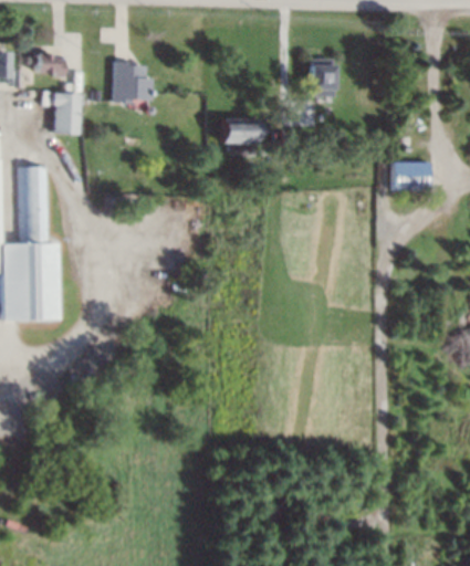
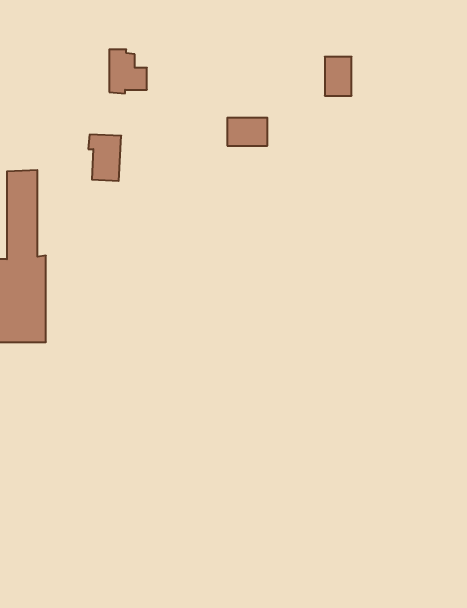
building: [32,51,65,77] -> none
building: [50,93,80,135] -> [88,135,121,181]
building: [397,164,428,196] -> none

